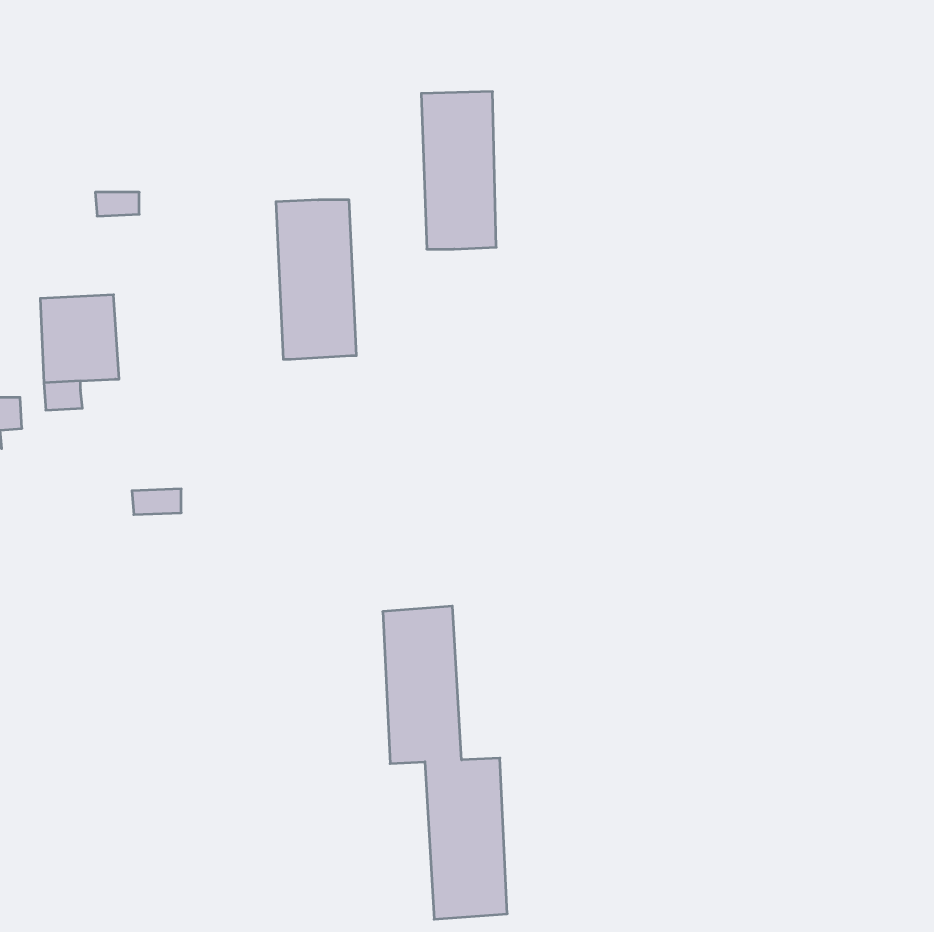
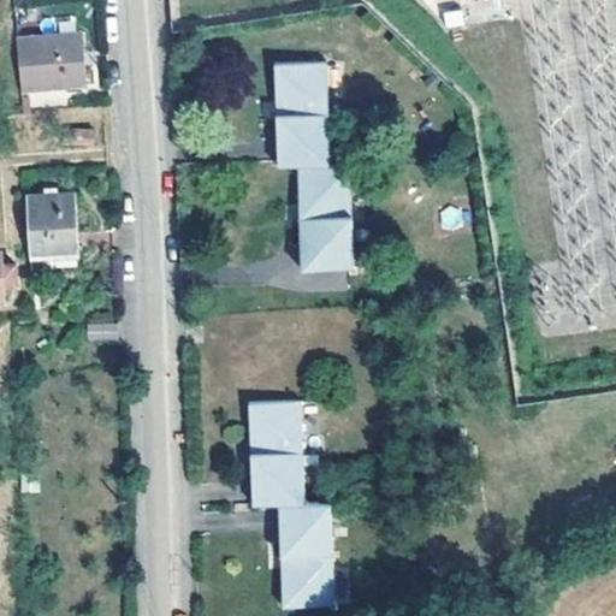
building: none -> [16,34,83,90]
building: [276,200,356,359] -> [298,165,351,270]

